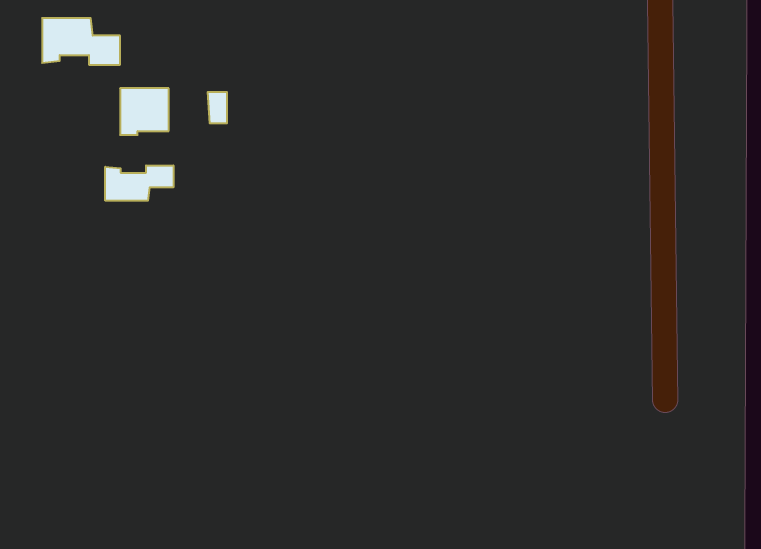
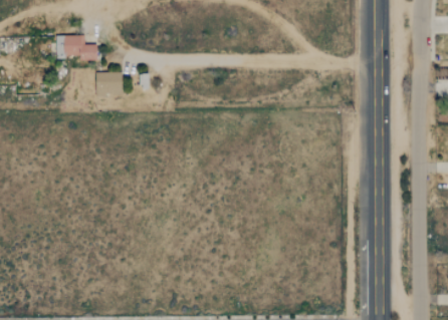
building: [105,165,173,201] -> none

